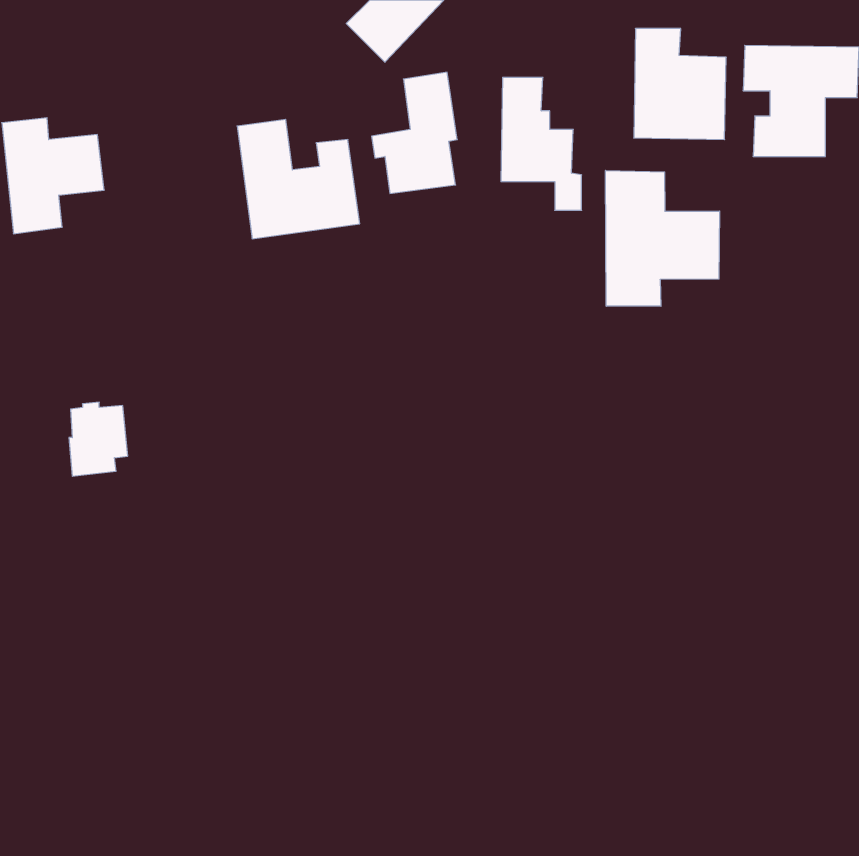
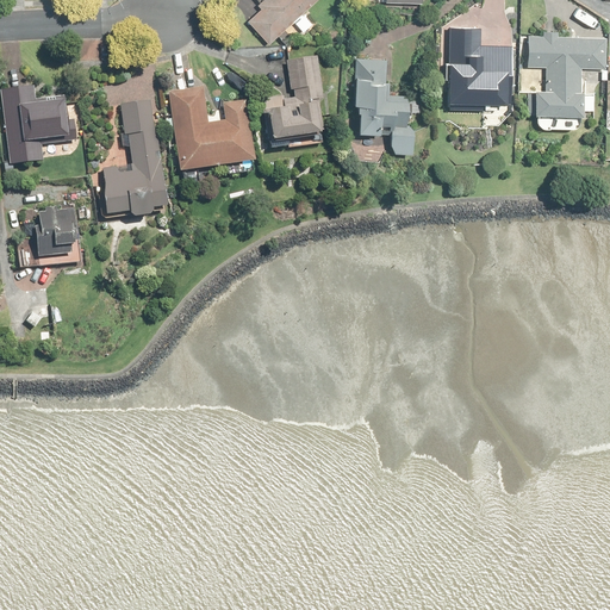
building: none -> [100,98,162,217]
building: [606,170,720,306] -> none
building: [69,402,128,476] -> [36,206,77,259]

